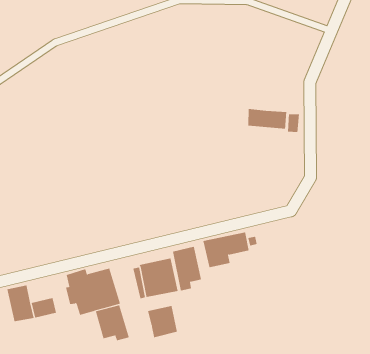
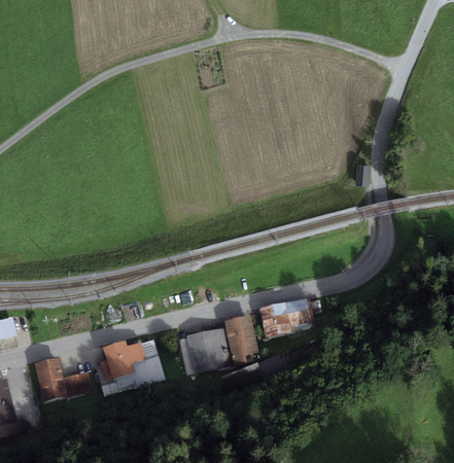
building: [248,108,287,130] -> none
building: [95,304,130,341] -> none
building: [148,305,178,338] -> none

